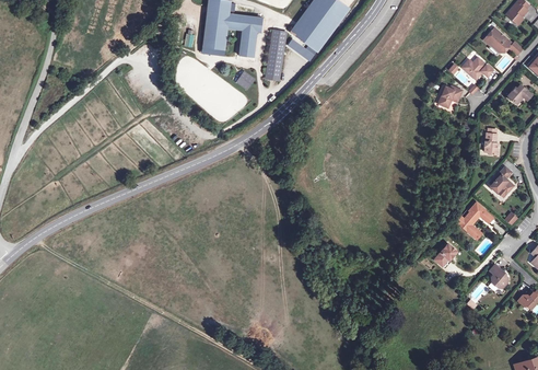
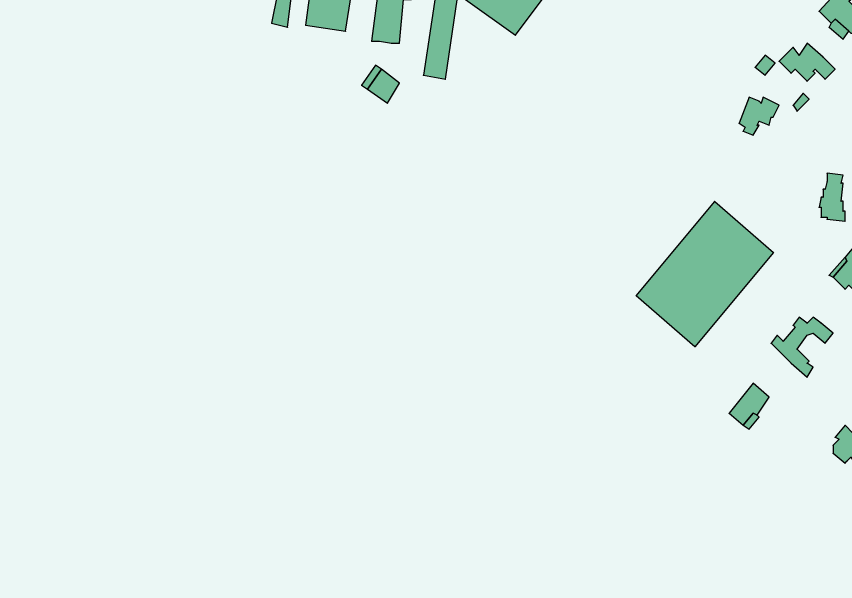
building: none -> [636,201,773,347]

